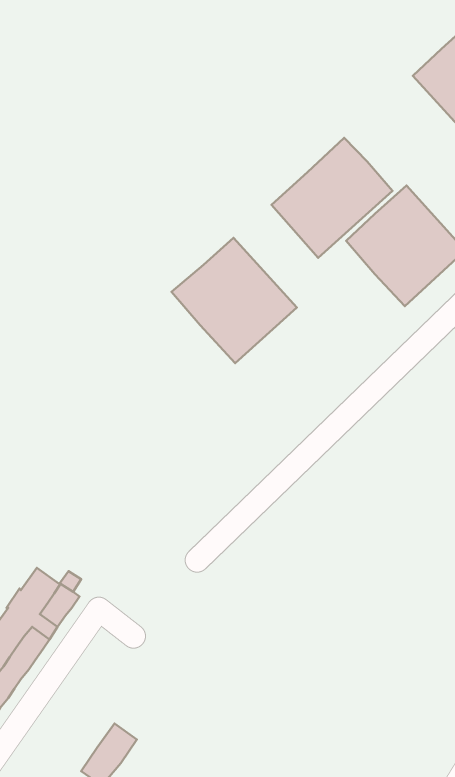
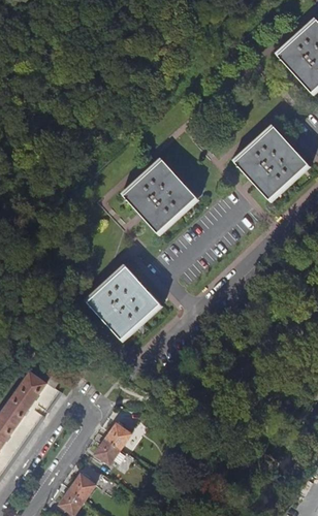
building: [271,138,393,258] -> none
building: none -> [84,263,158,337]
building: none -> [96,423,131,462]

